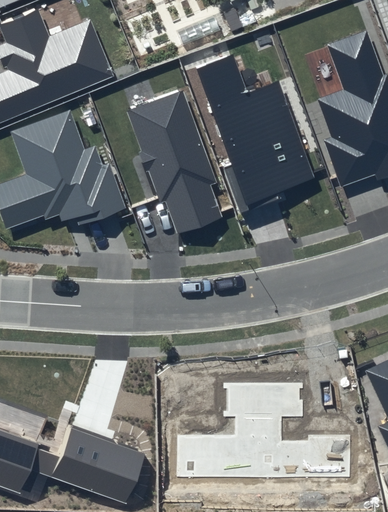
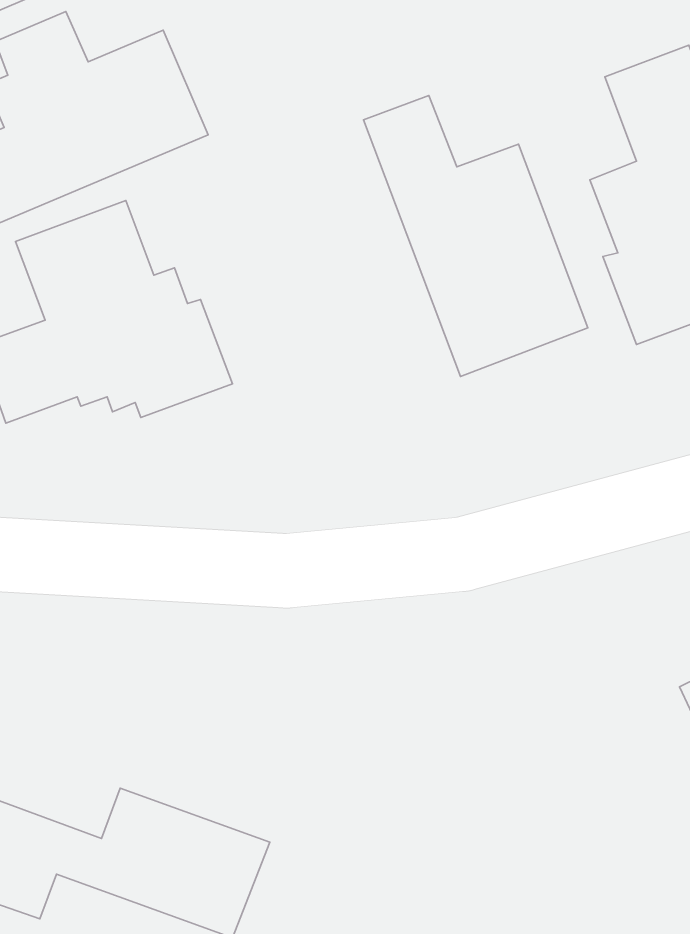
building: [126,89,222,233] -> none
building: [177,382,350,476] -> none

